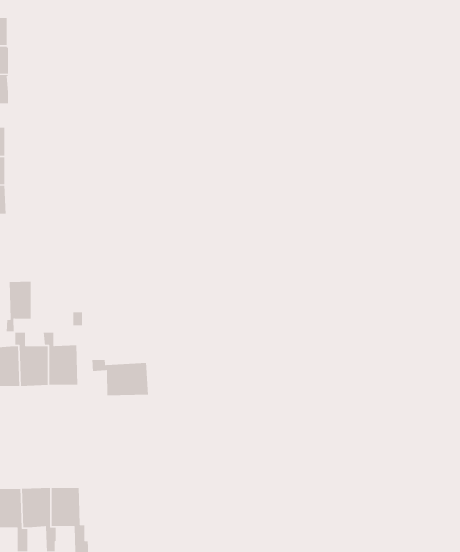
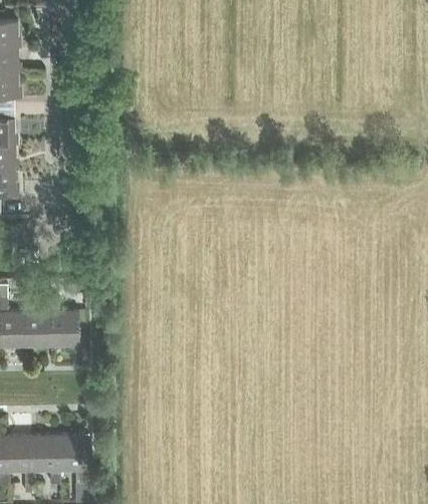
building: [6,281,31,332] -> none
building: [91,359,149,396] -> none

